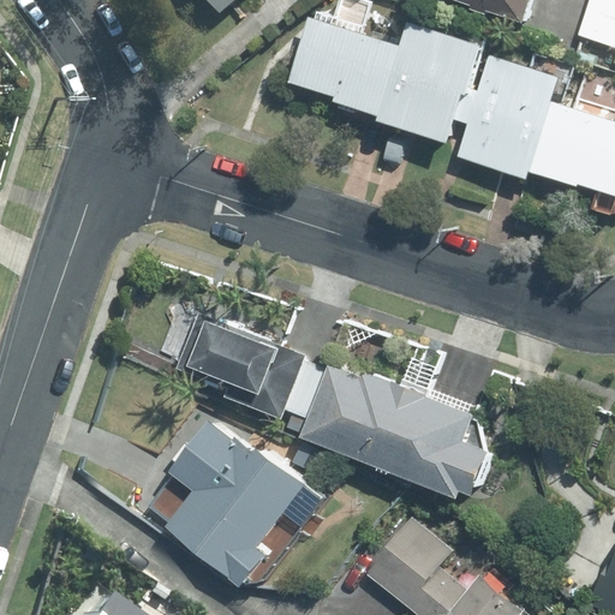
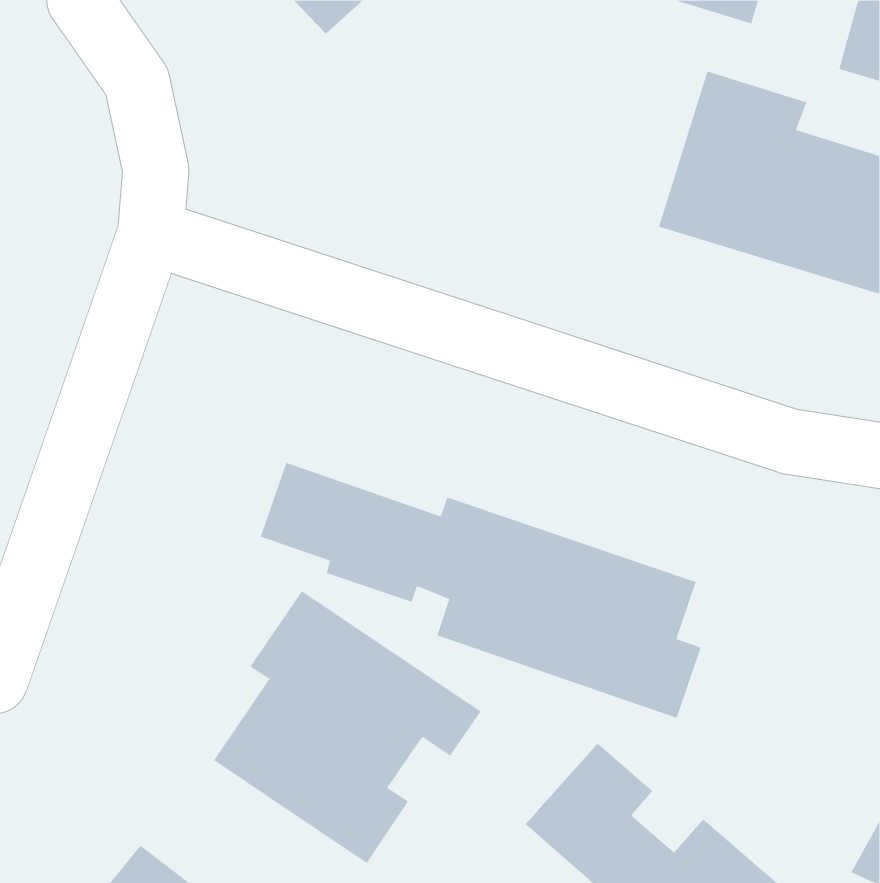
building: [283,10,479,138] -> none

